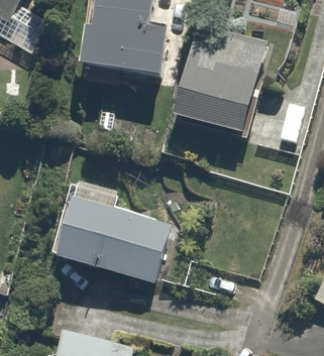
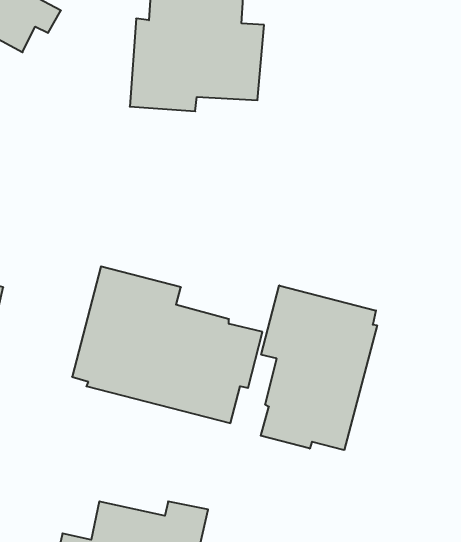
building: [175,26,265,133] -> none
building: none -> [261,285,377,450]

